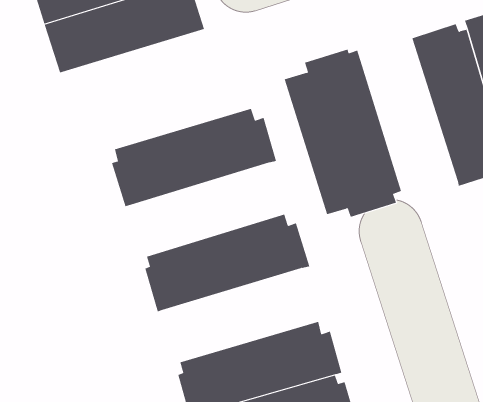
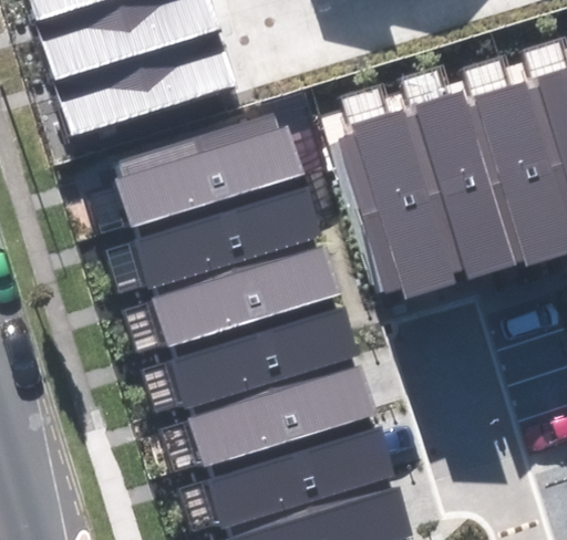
building: none -> [412,90,525,282]
building: none -> [113,114,302,226]
building: none -> [151,239,339,346]
building: none -> [188,359,377,466]

